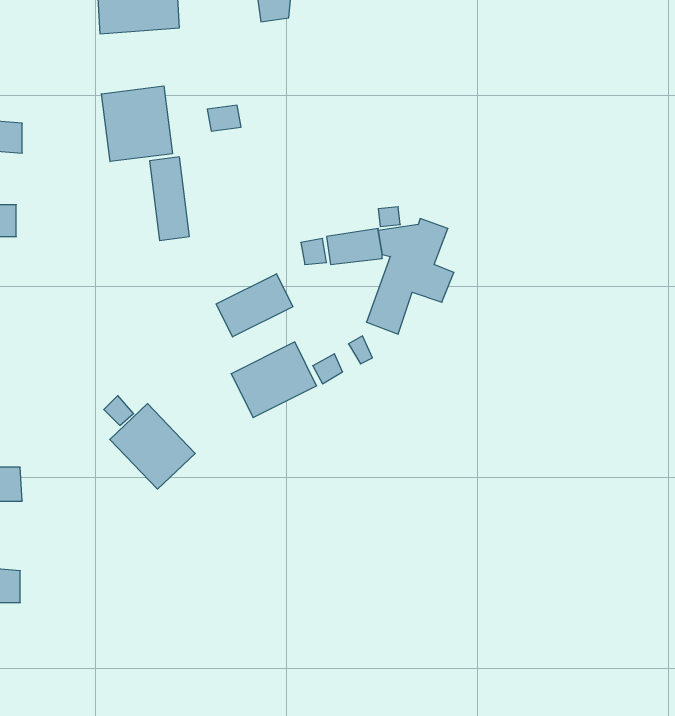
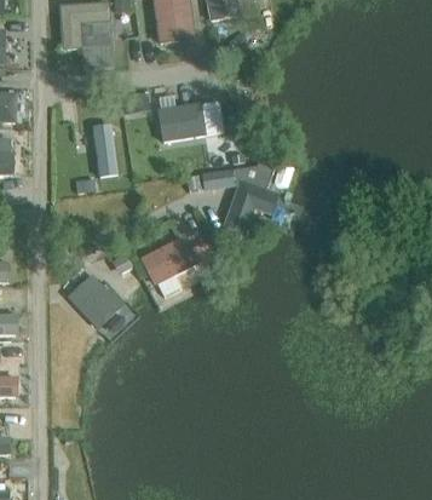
building: [102,86,172,162] -> none
building: none -> [159,104,205,142]
building: [216,274,293,337] -> none

